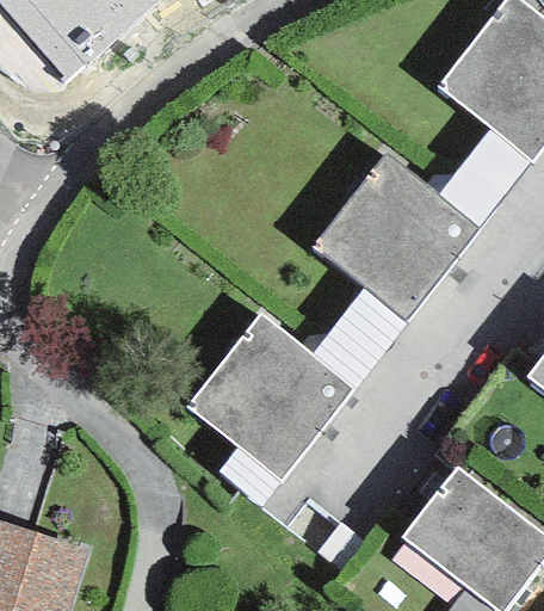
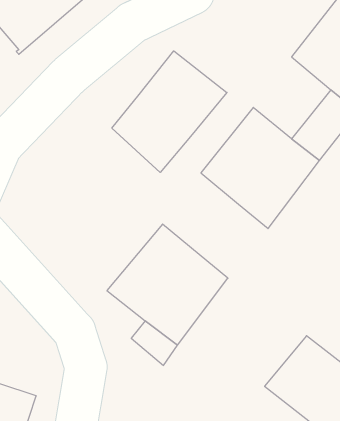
building: none -> [112,51,227,172]
building: [311,288,406,389] -> none

